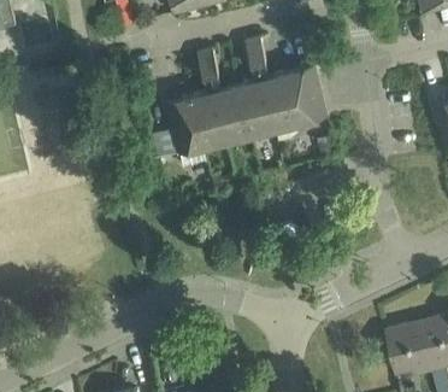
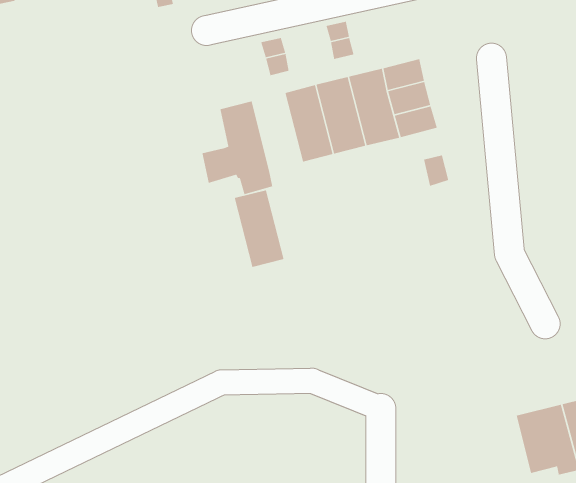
building: [190,89,228,147] -> [234,189,284,268]

